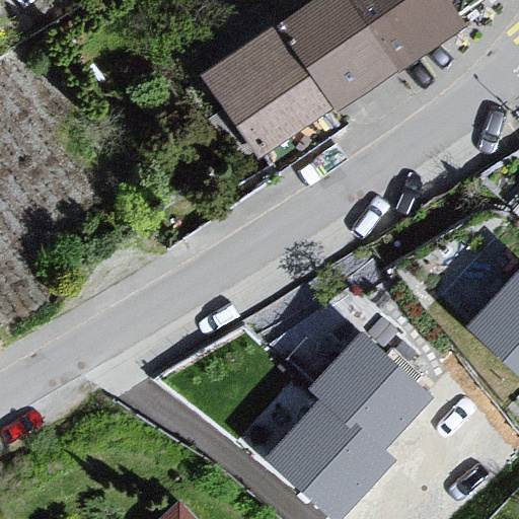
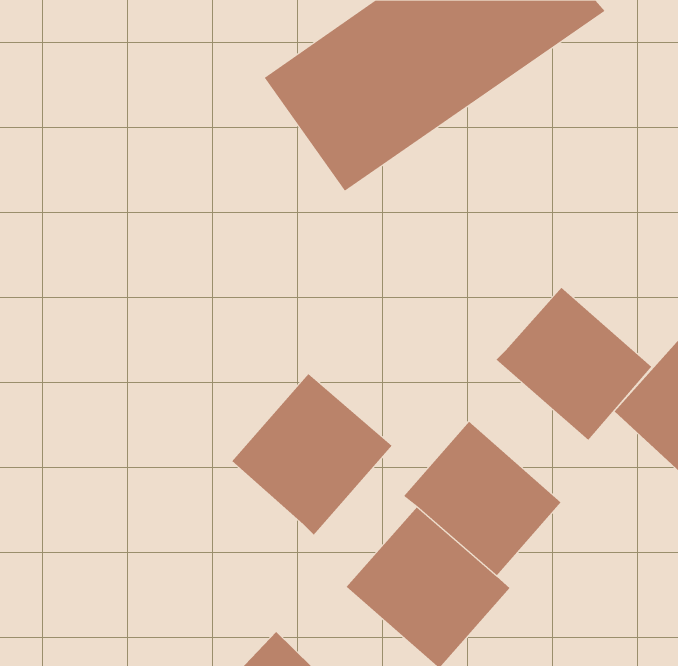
building: none -> [495,287,652,441]
building: none -> [231,373,392,535]

